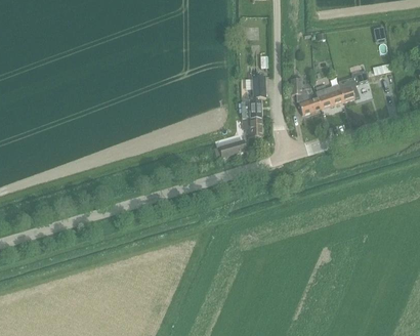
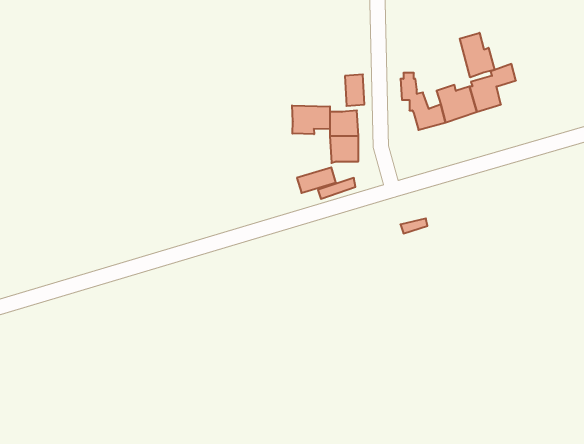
building: none -> [460,33,494,77]
building: none -> [292,105,330,134]

